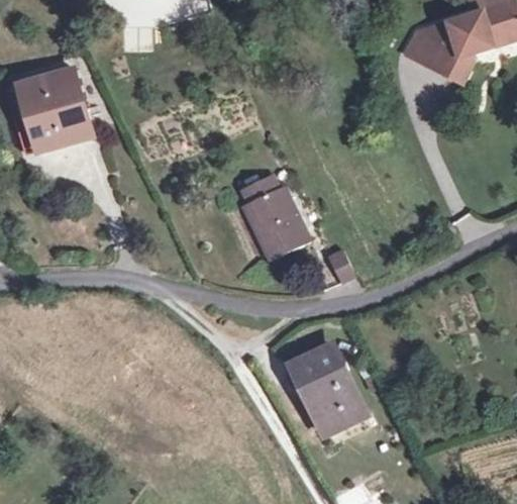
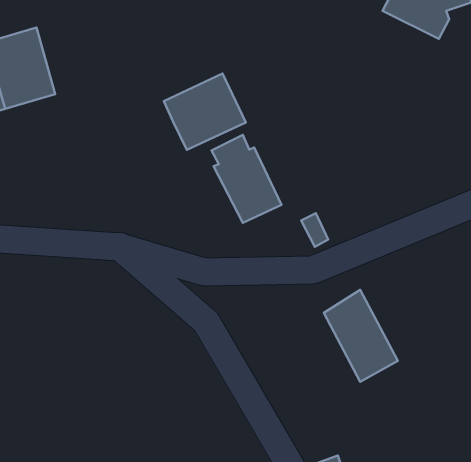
building: none -> [164,74,246,150]
building: [295,345,367,434] -> [324,290,398,382]

